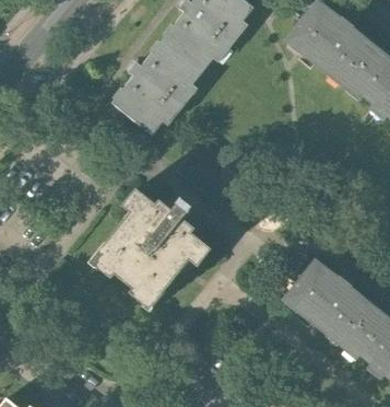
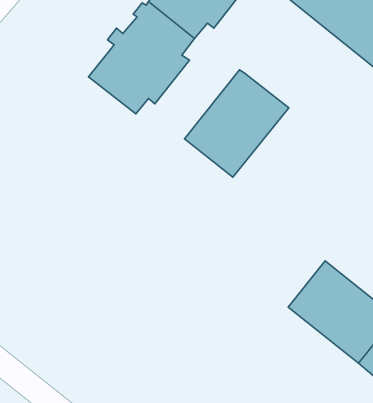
building: none -> [184,70,289,177]
building: [91,187,213,310] -> none

